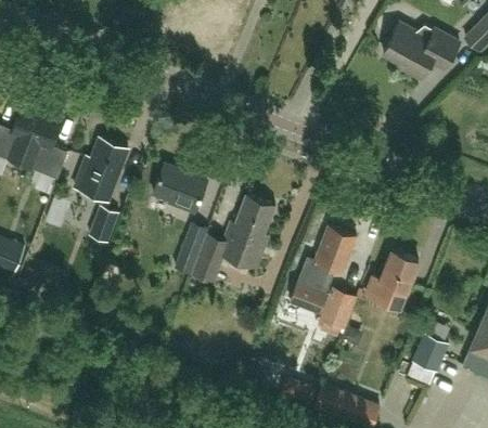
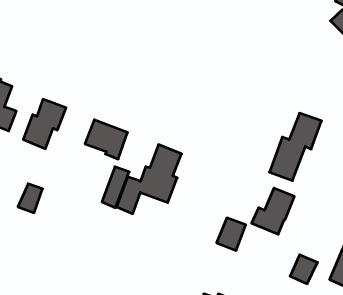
building: [383,24,460,80] -> none
building: [88,206,119,243] -> [18,184,43,213]
building: [291,226,357,312] -> [269,113,322,181]

